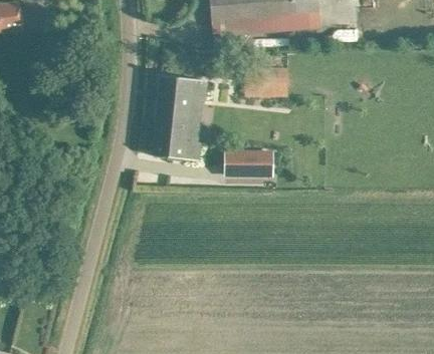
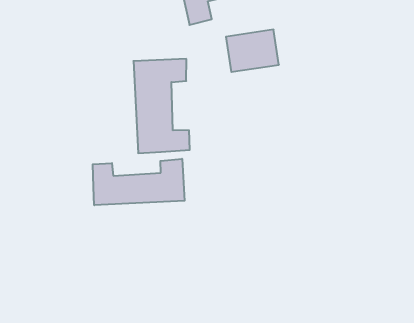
building: [226,152,271,175] -> none
building: none -> [93,159,185,205]

